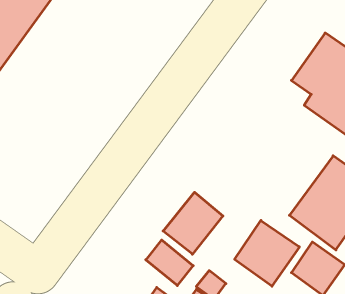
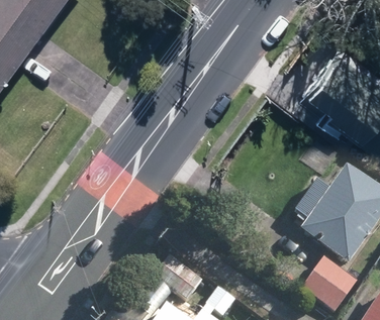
building: [163,192,223,254] -> none
building: [235,220,299,286] -> none

